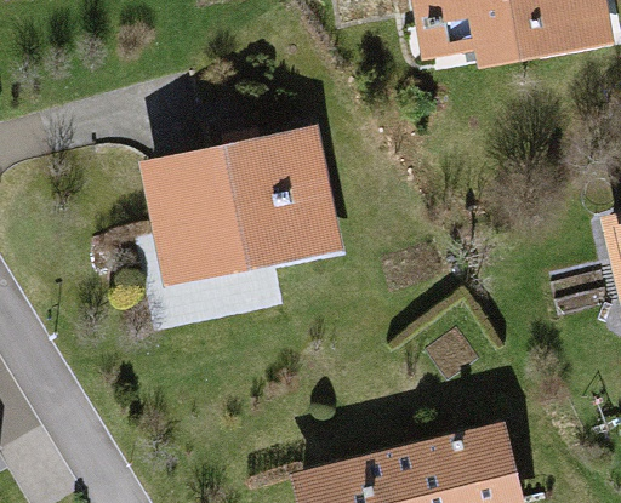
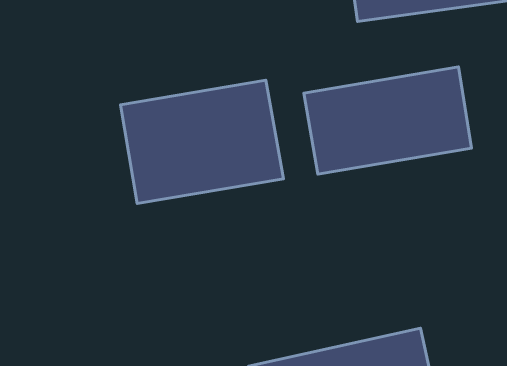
building: none -> [304,67,471,174]

